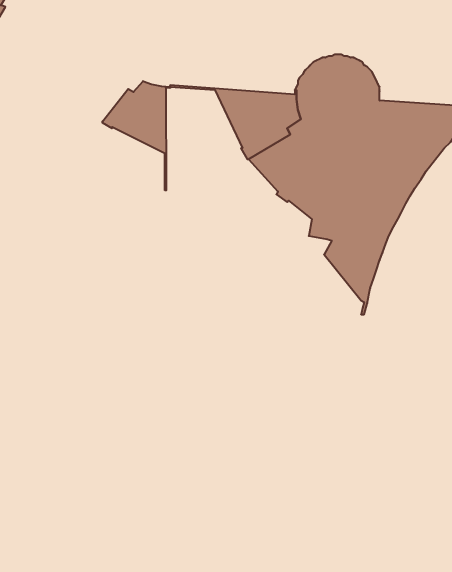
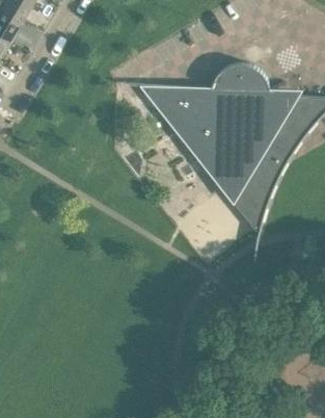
building: [102,81,170,190] -> none

